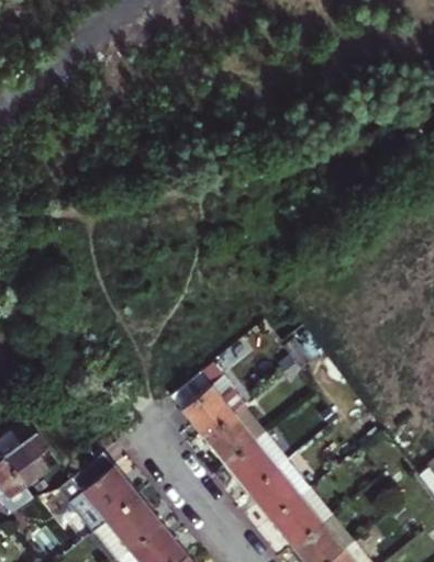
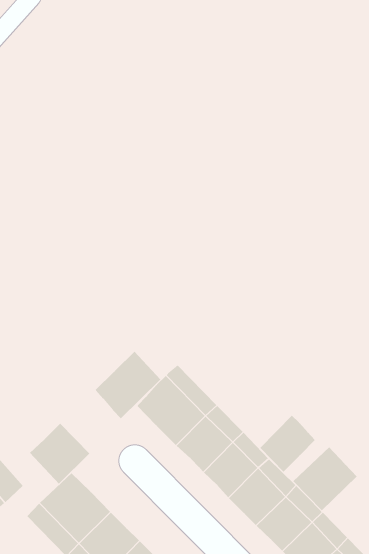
building: none -> [94,351,161,419]
building: none -> [29,423,90,484]
building: none -> [259,415,316,473]
building: none -> [293,447,357,511]

